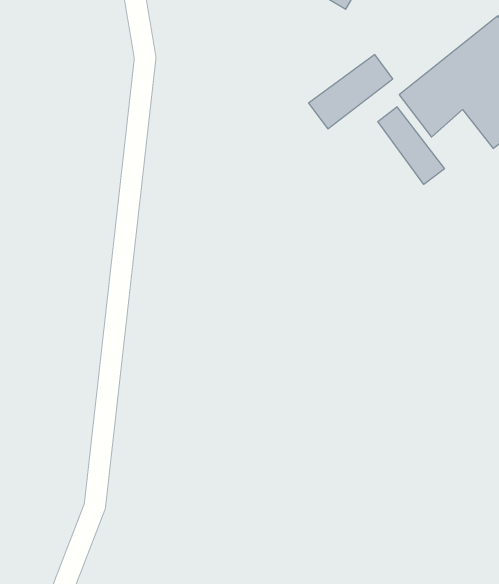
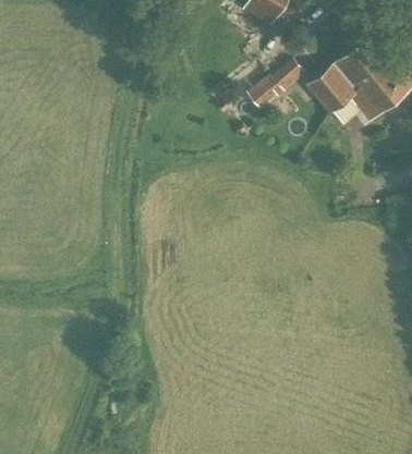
building: [378,107,444,184] -> none

